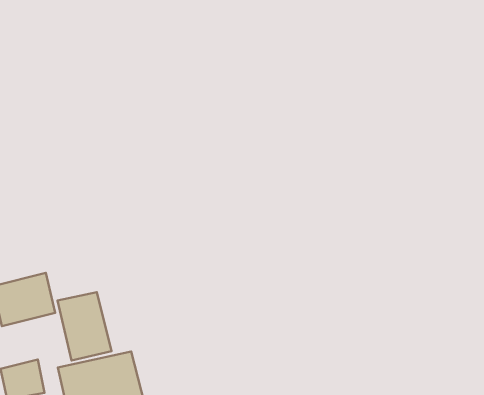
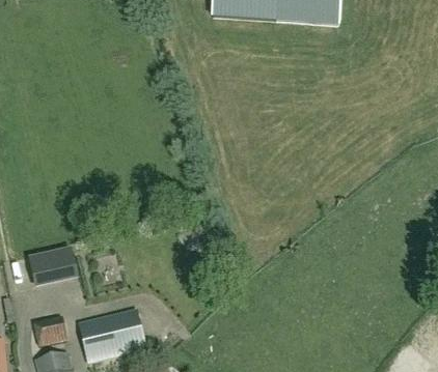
building: [57,292,111,361] -> none

